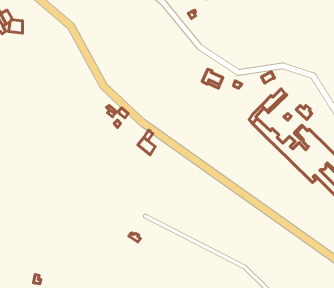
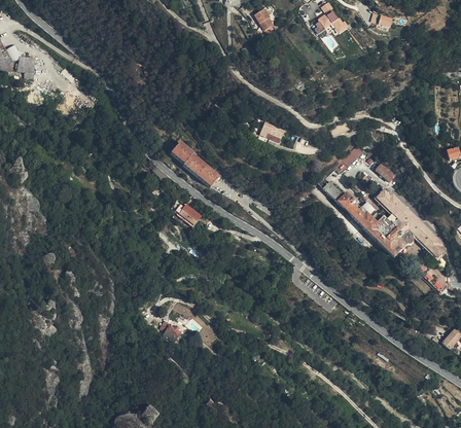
building: none -> [170,142,218,188]

